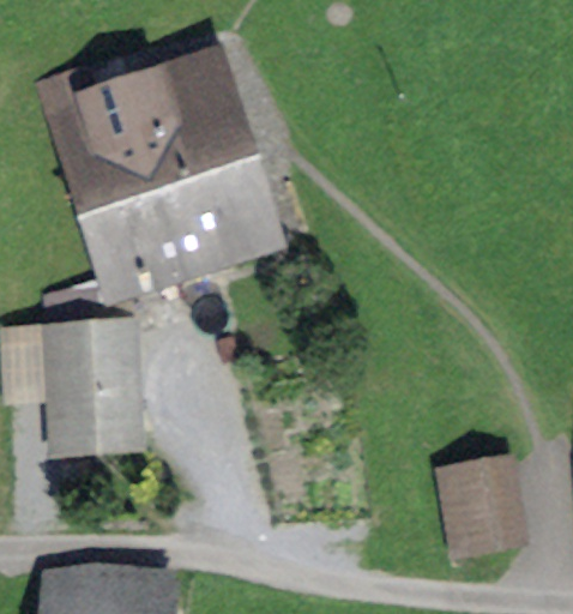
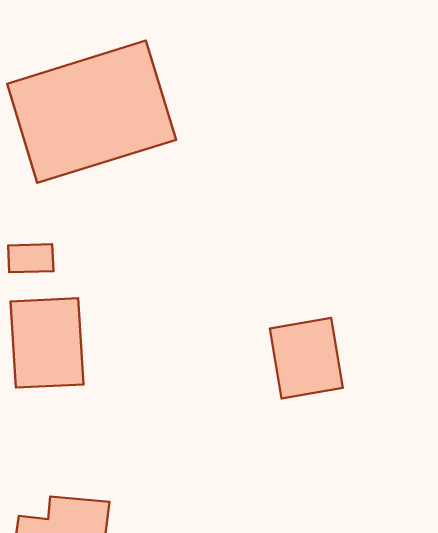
building: [86,169,266,301] -> none
building: [445,463,526,553] -> [270,318,343,398]

